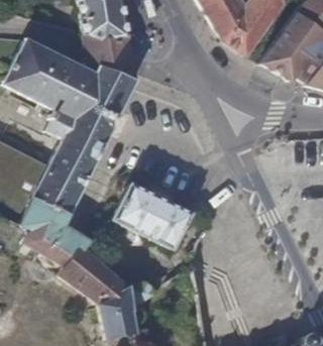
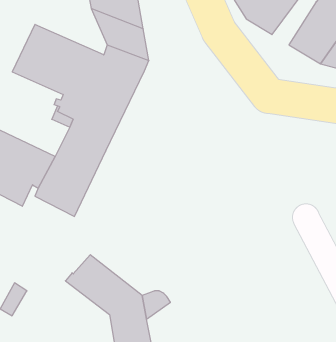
building: [113,183,192,247] -> none
building: [21,197,89,266] -> none

